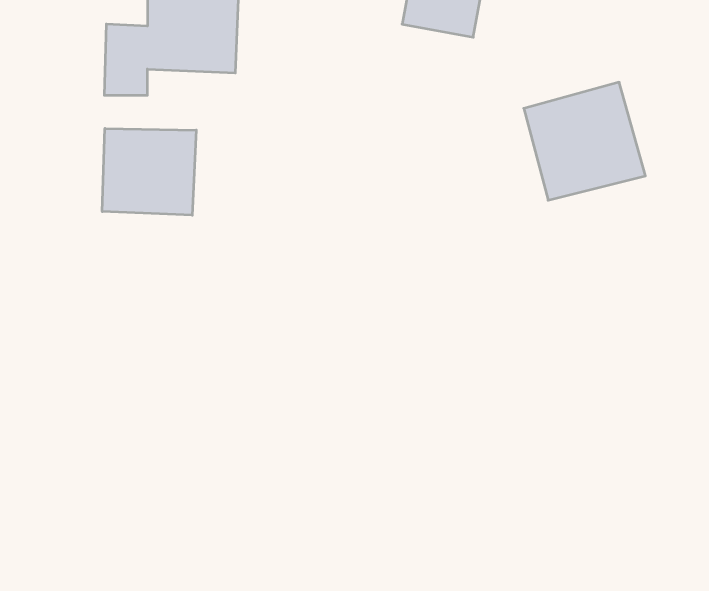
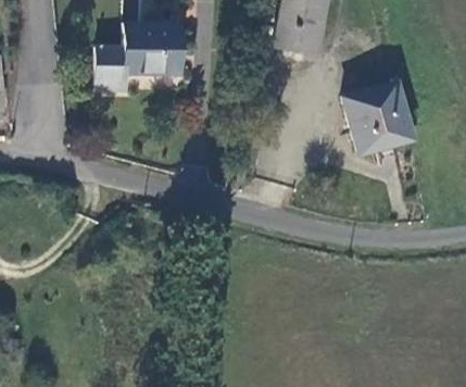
building: [102,128,196,215] -> none

